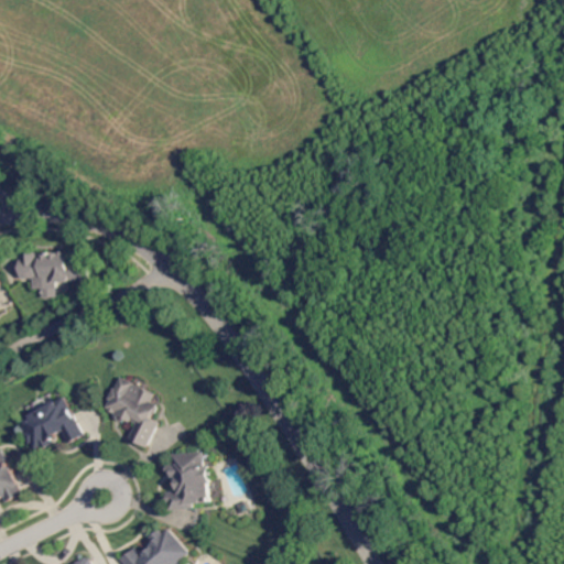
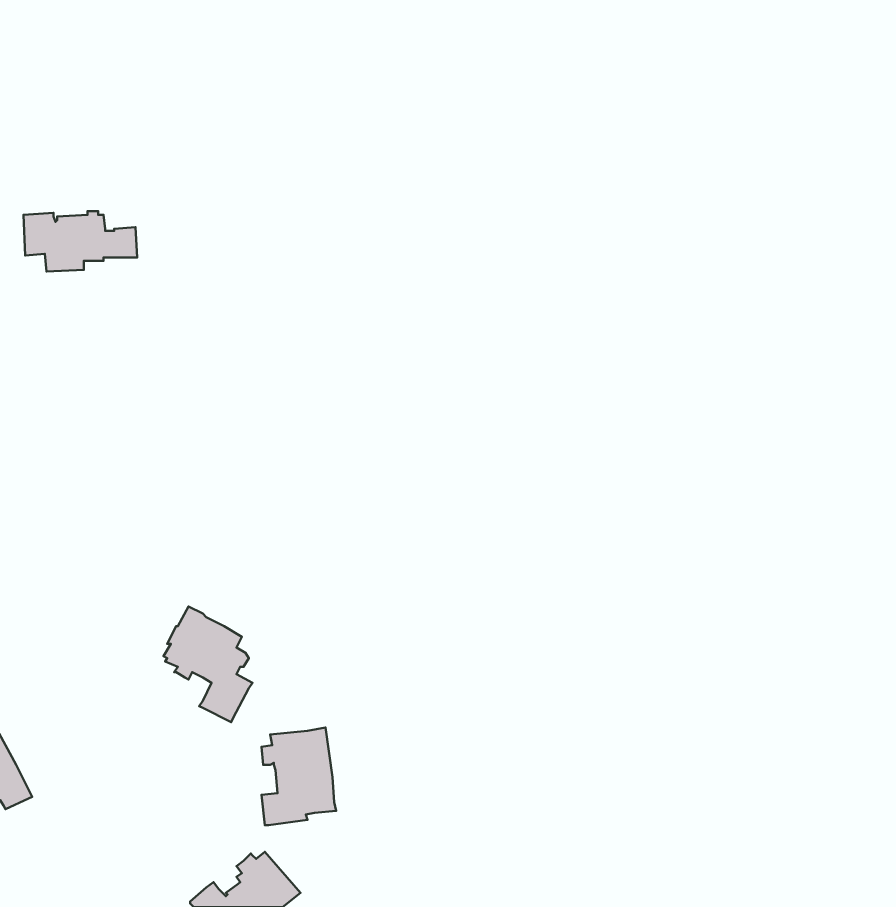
building: [15,251,86,289] -> [23,211,137,272]
building: [15,395,82,449] -> none

